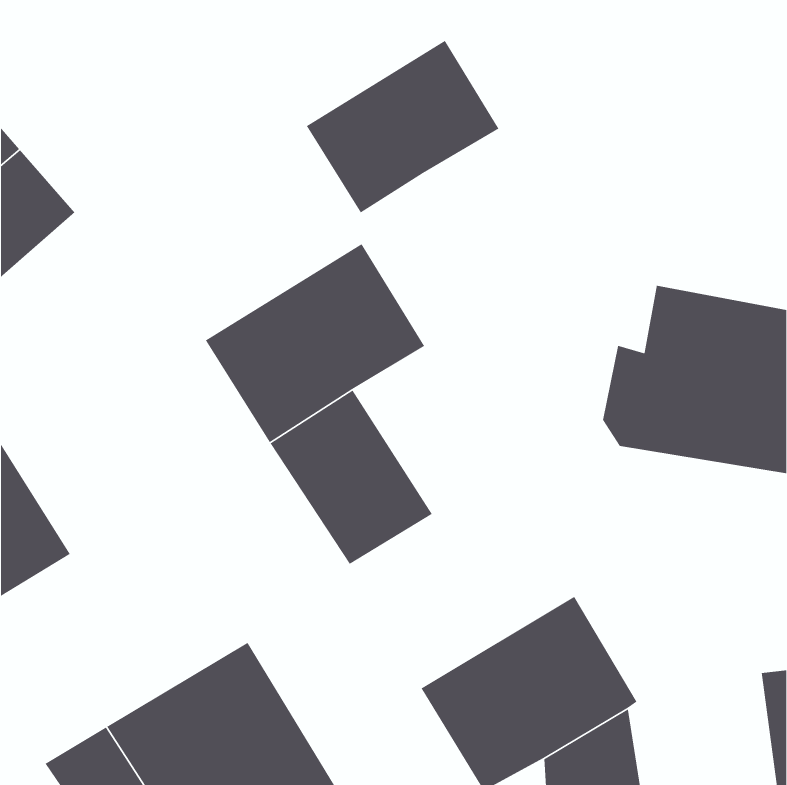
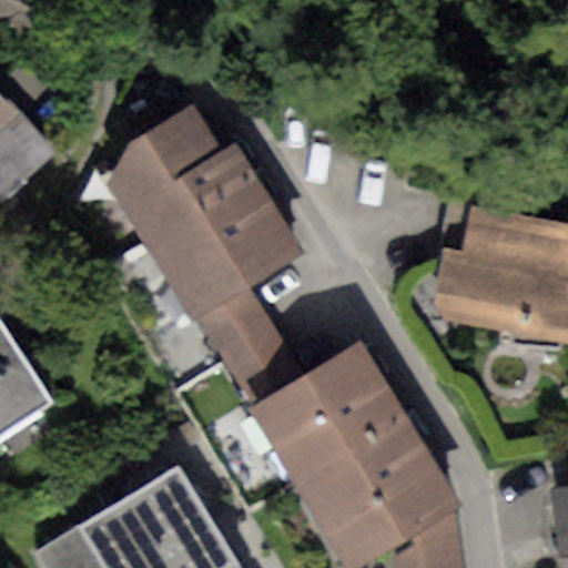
building: [306,40,499,214] -> none
building: none -> [105,105,261,246]
building: none -> [252,343,414,497]

